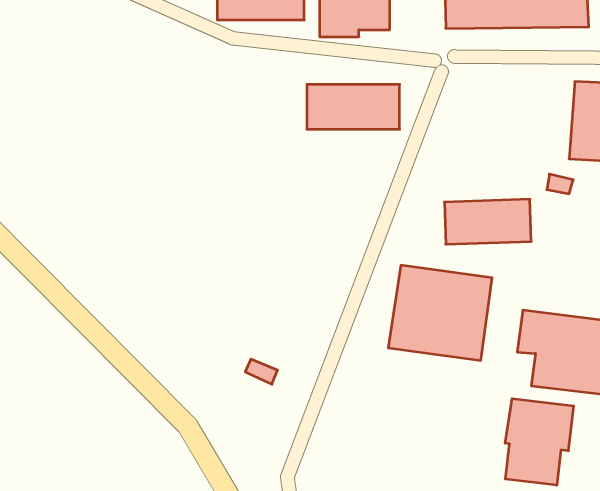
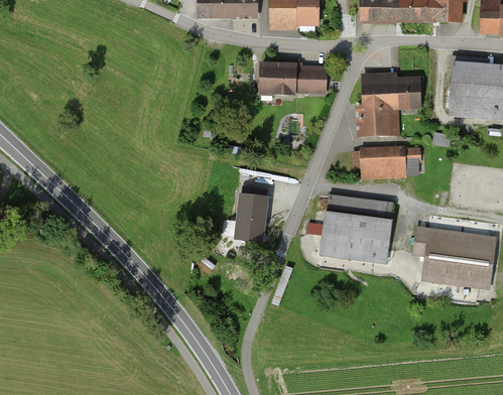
building: none -> [356,73,422,137]
building: none -> [235,193,267,239]
building: [505,399,574,485] -> none

